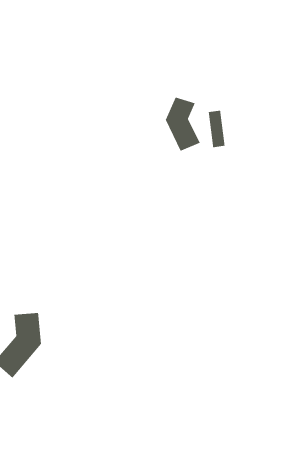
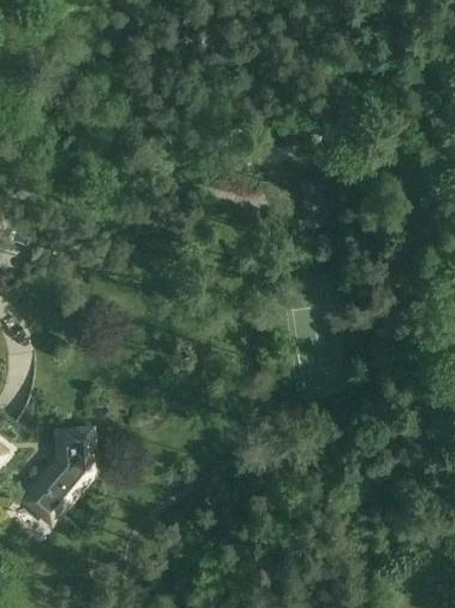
building: [165,96,201,152] -> none

